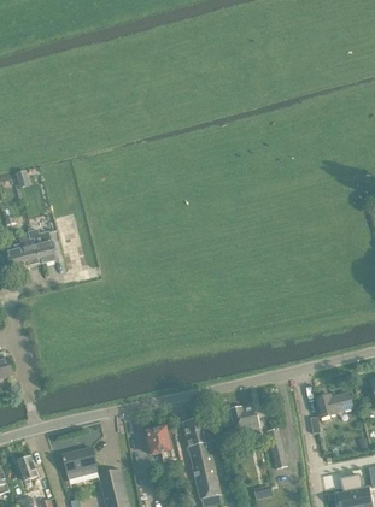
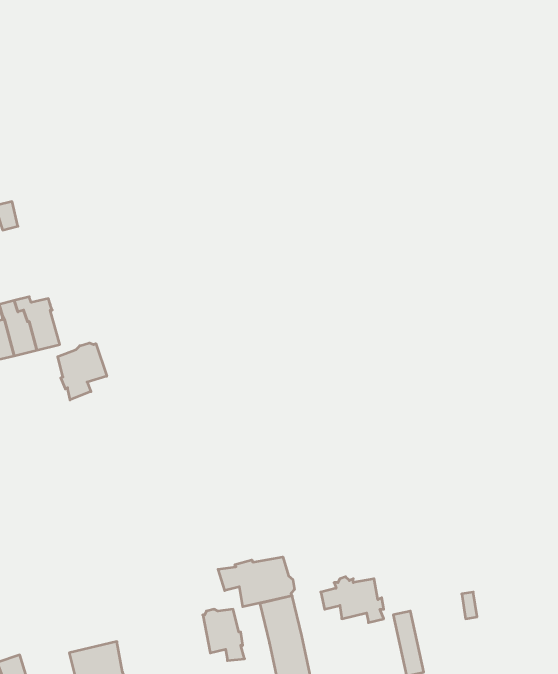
building: none -> [58,343,107,400]
building: [315,393,352,417] -> none
building: none -> [218,557,294,607]

